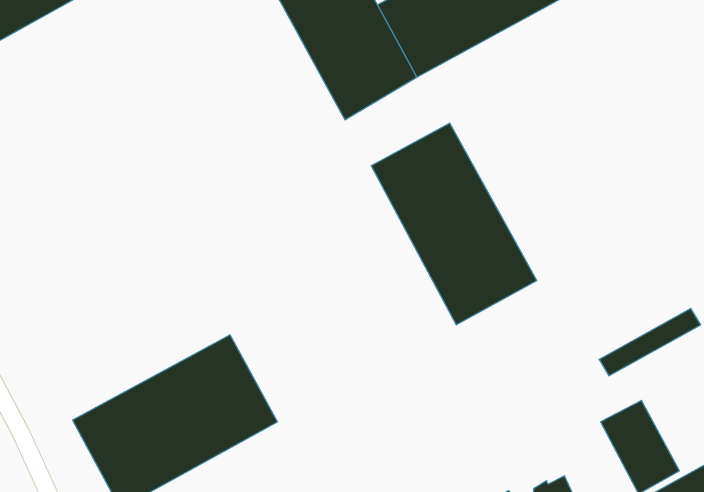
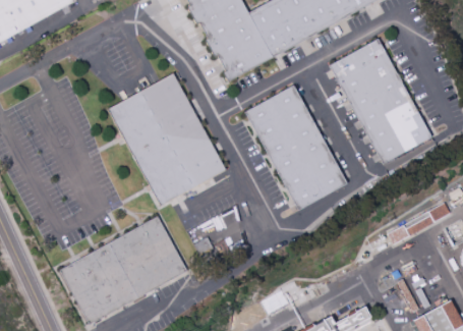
building: none -> [330,39,431,163]
building: none -> [107,73,227,206]

